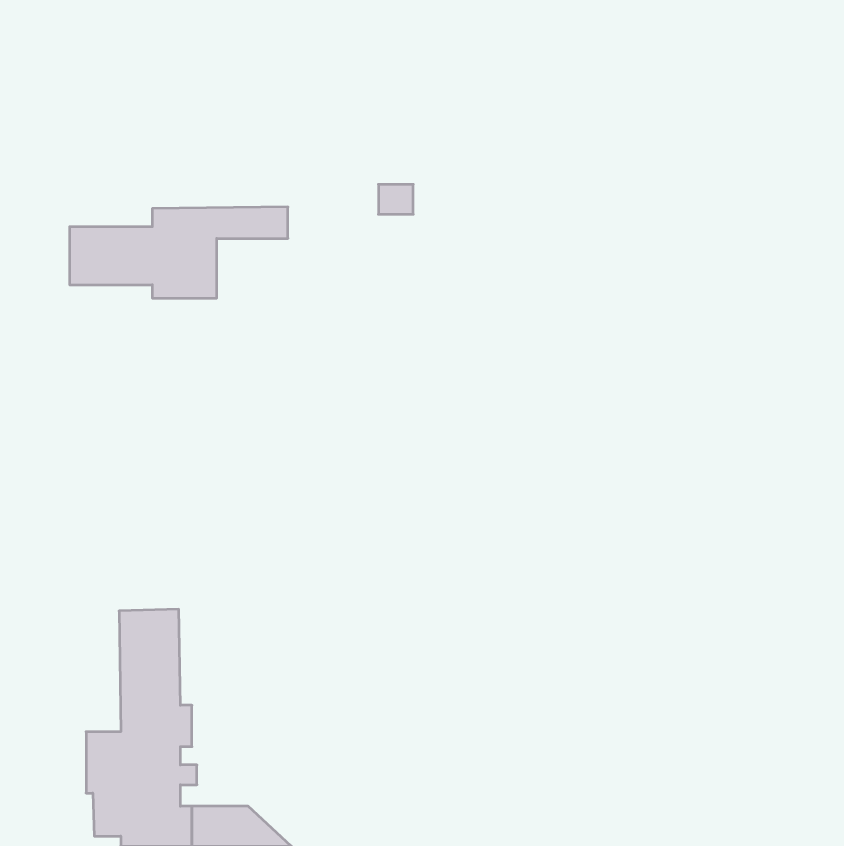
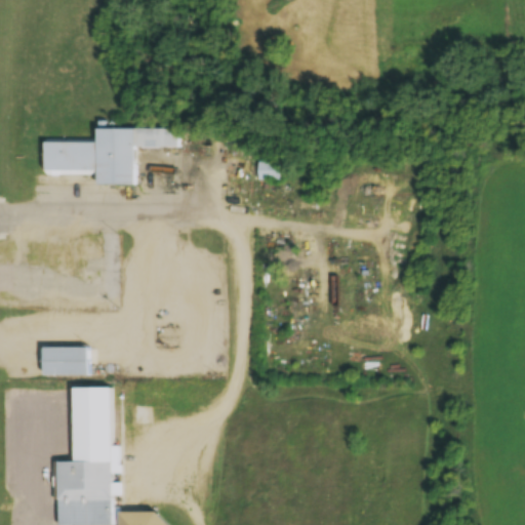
building: [378,184,413,214] -> [256,162,278,180]
building: none -> [42,349,88,377]

